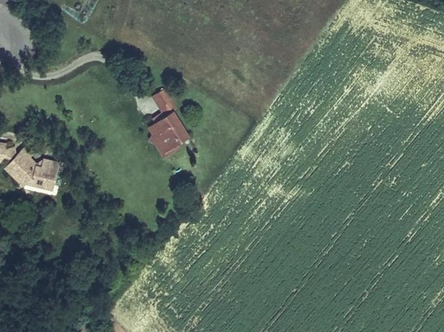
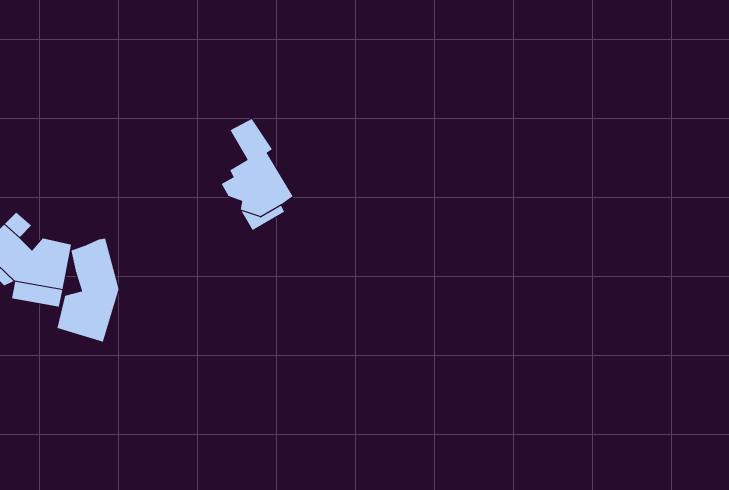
building: none -> [57,238,119,342]

